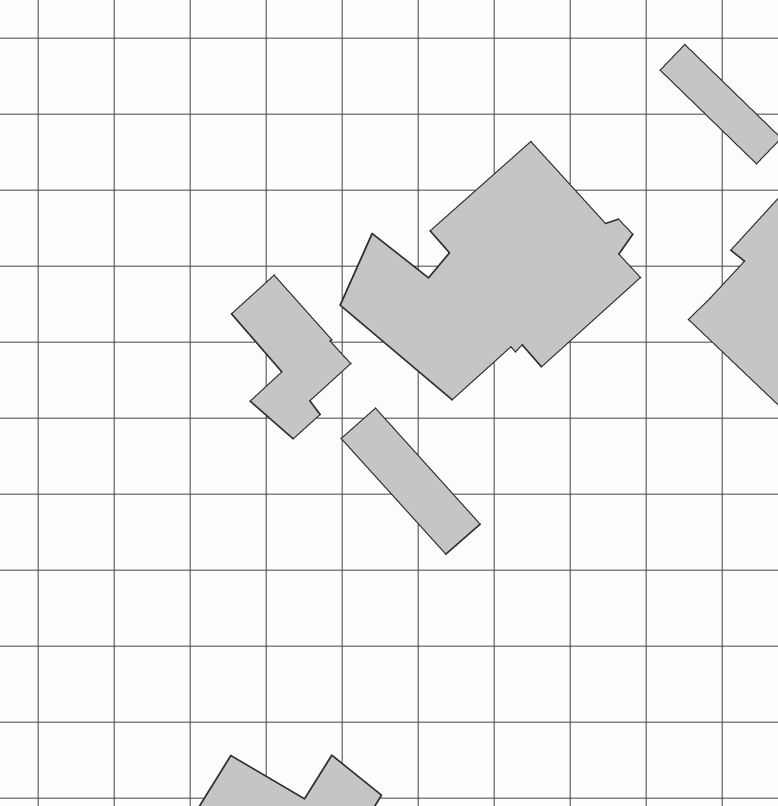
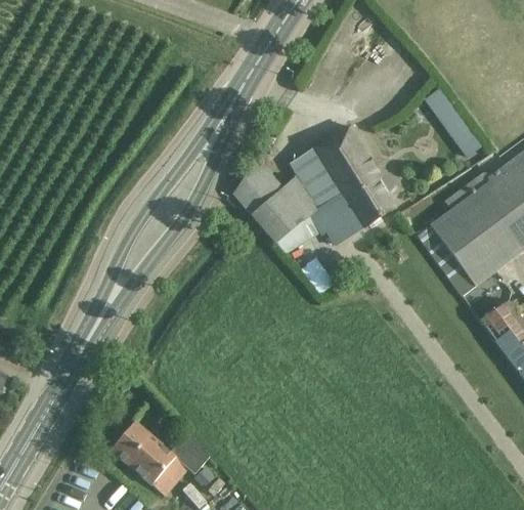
building: [231,275,351,439] -> none
building: [341,408,480,554] -> none

